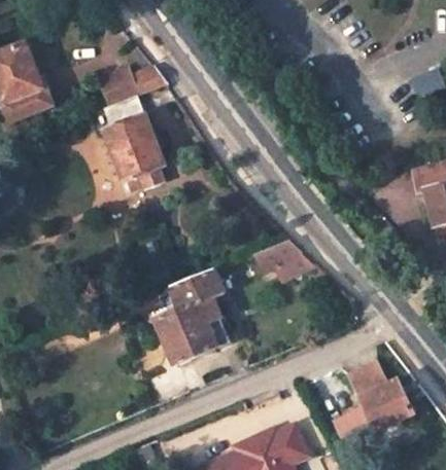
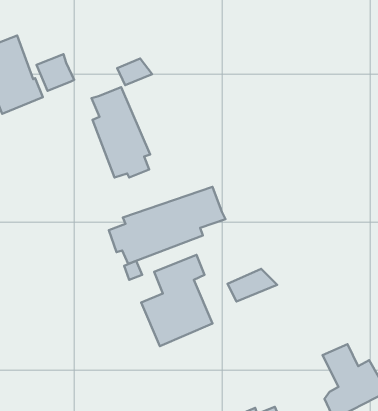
building: [99,67,138,105] -> [37,54,74,91]
building: none -> [109,187,225,264]
building: [253,238,305,272] -> [227,269,277,302]

